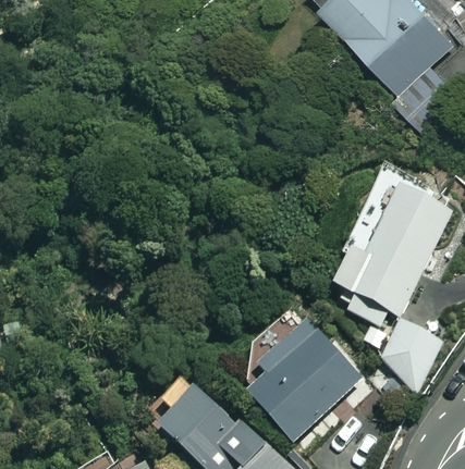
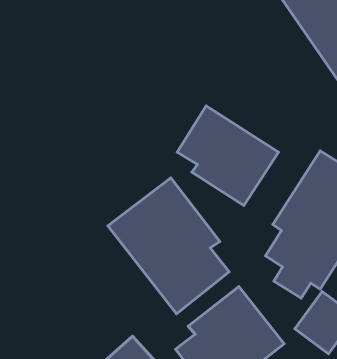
building: none -> [177,106,278,206]
building: none -> [108,178,229,314]

